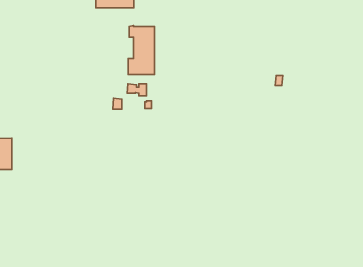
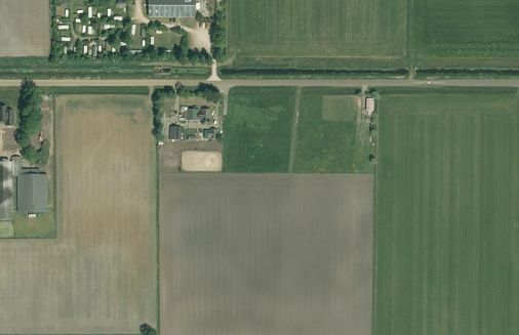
building: [128,25,154,74] -> none

